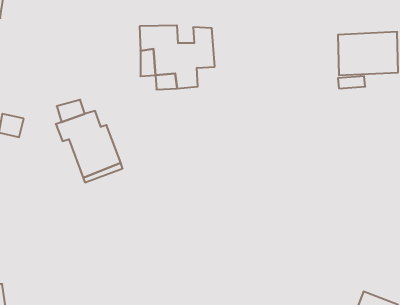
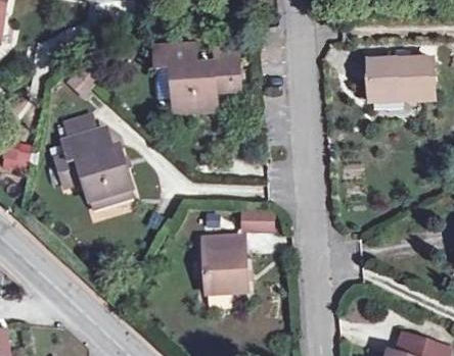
building: none -> [238,208,273,232]
building: none -> [205,239,257,300]

